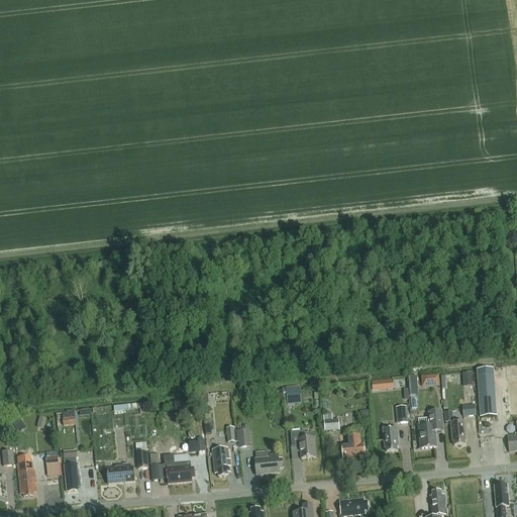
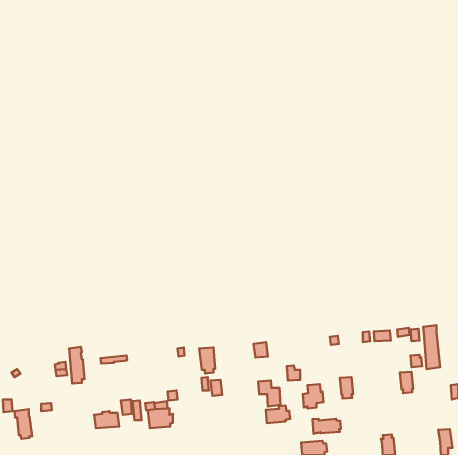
building: [418,408,443,446] -> none
building: [212,446,230,476] -> [199,347,215,373]
building: [64,448,81,490] -> [69,347,85,384]
building: [255,452,283,473] -> [266,405,290,423]
building: none -> [312,419,341,434]

